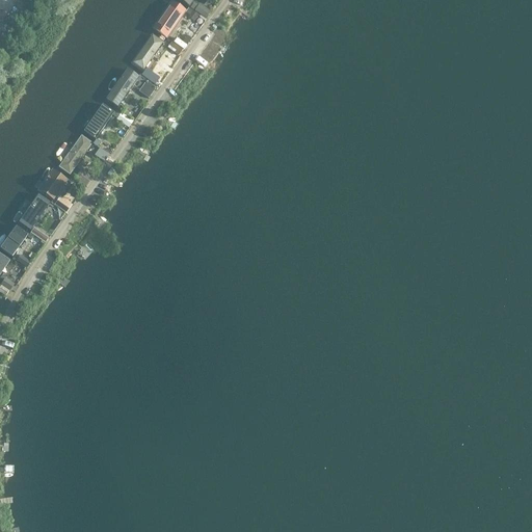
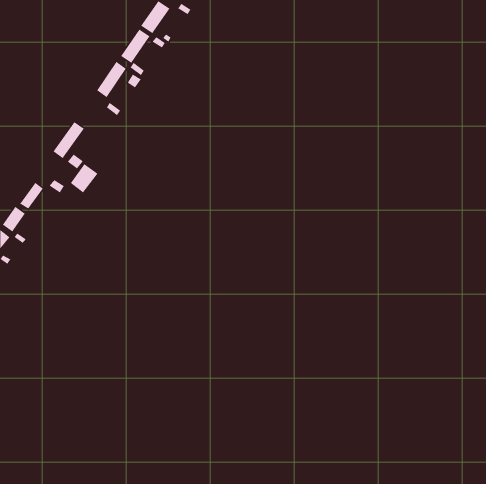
building: [82,101,114,137] -> none
building: [37,166,69,200] -> [70,163,99,194]

